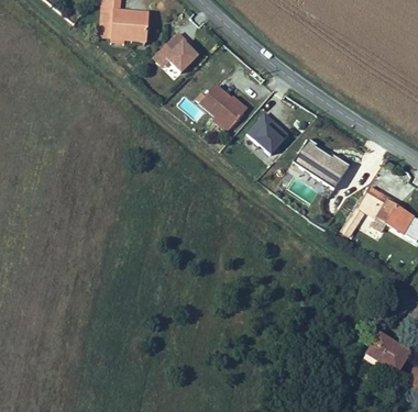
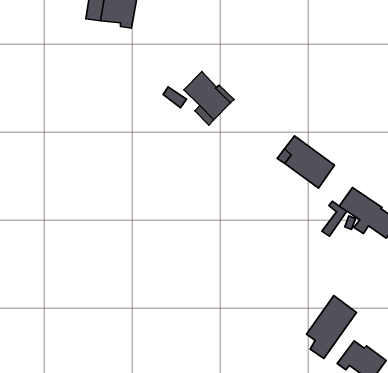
building: [155,31,200,76] -> none
building: [248,112,289,153] -> none
building: none -> [306,296,357,359]

